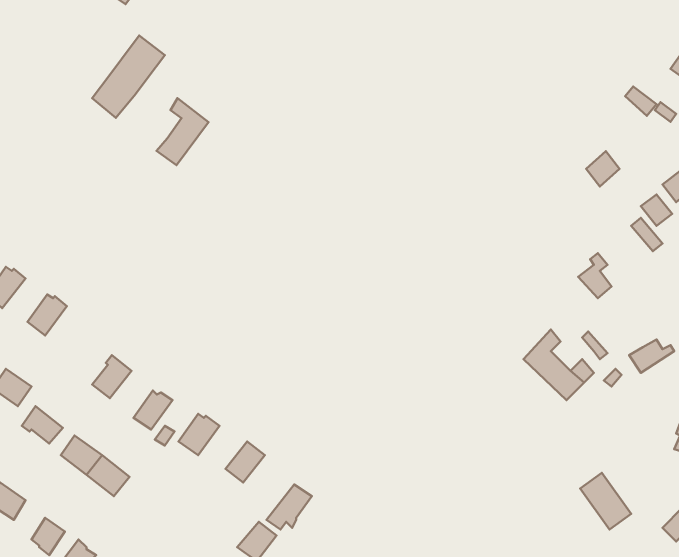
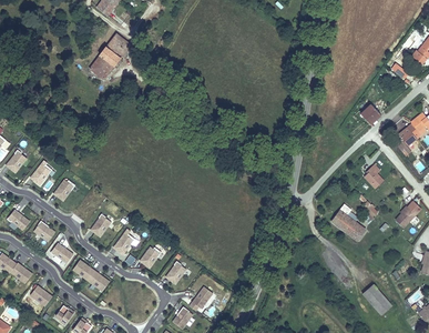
building: [157,98,209,165] -> none

